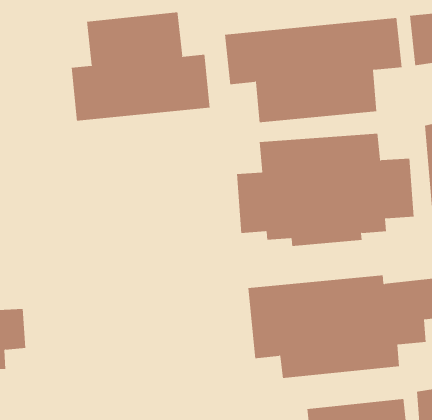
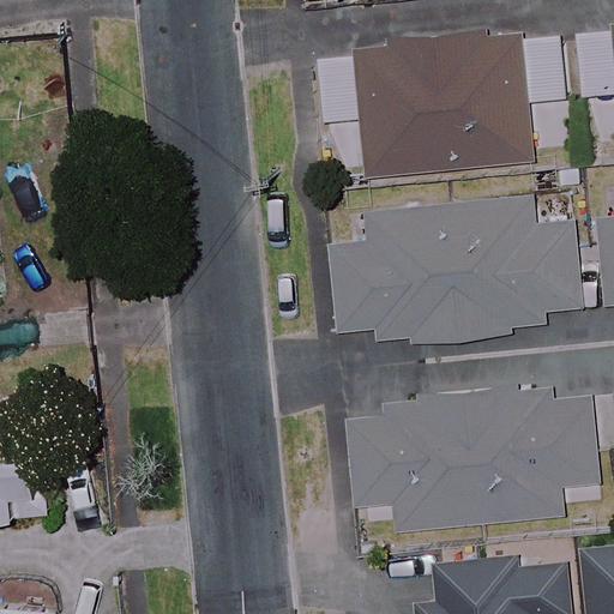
building: [71,11,210,122] -> none

